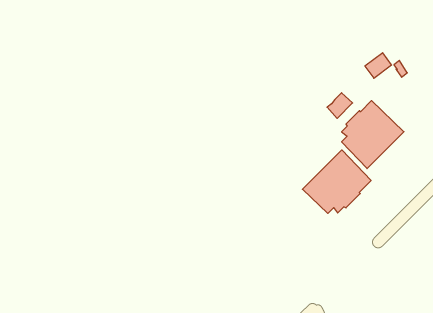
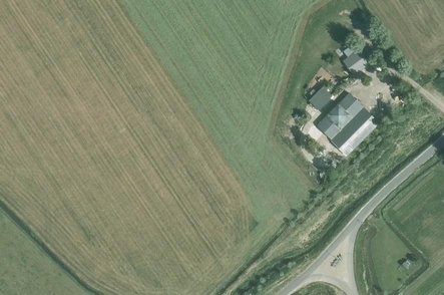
building: [302,150,371,213] -> none

